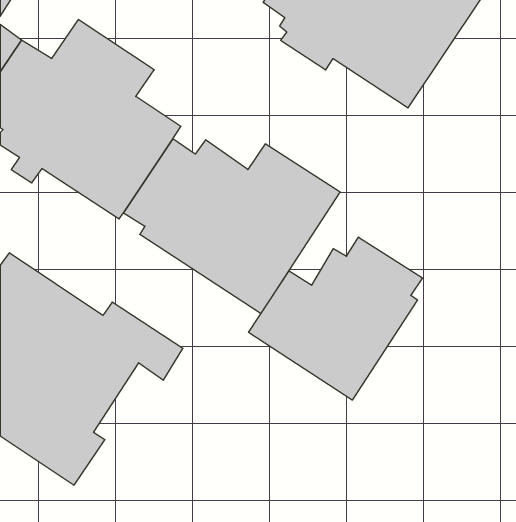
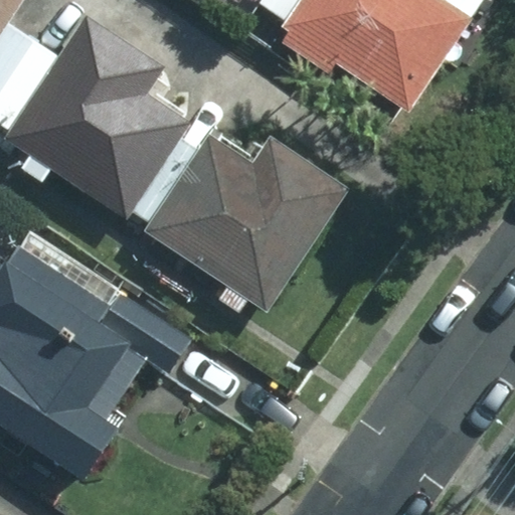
building: [249,237,423,400] -> none

